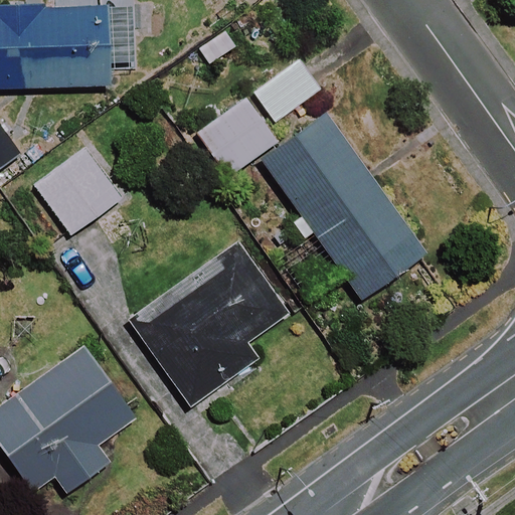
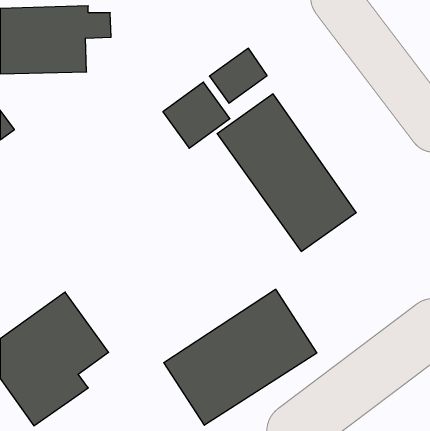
building: [33,148,122,235] -> none
building: [130,243,287,405] -> none
building: none -> [164,289,317,425]

